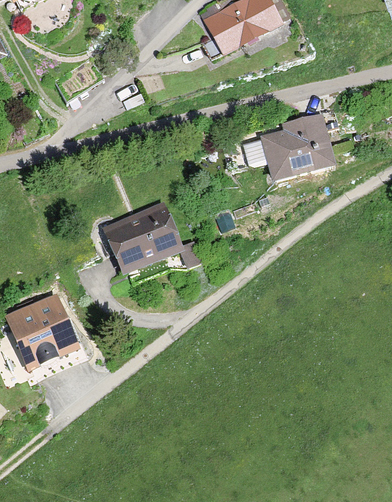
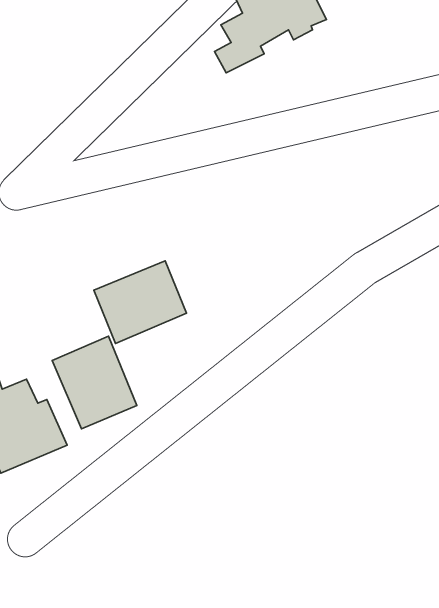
building: [242,115,331,179] -> none
building: none -> [52,336,137,429]

